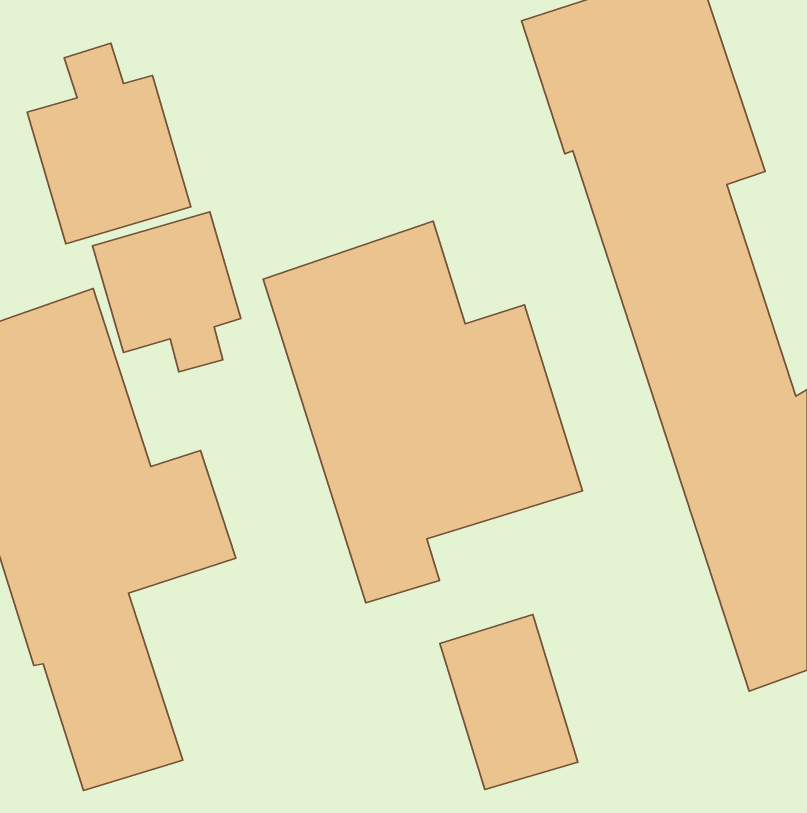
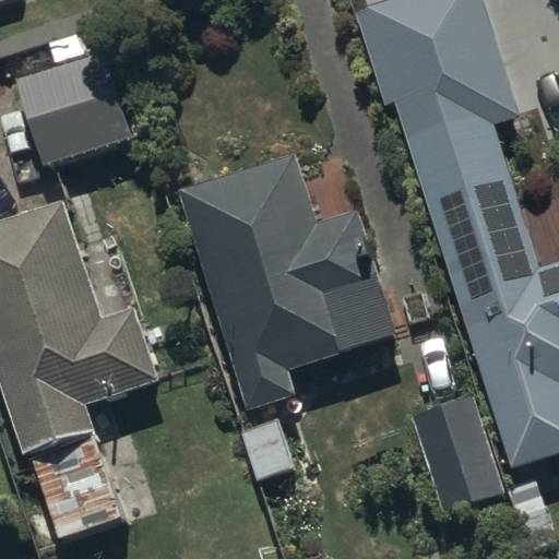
building: [92,212,241,372] -> none
building: [440,615,578,789] -> [411,395,504,514]

